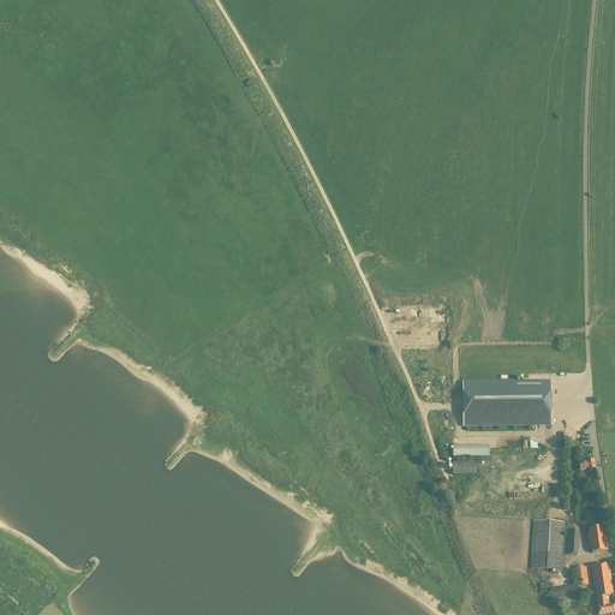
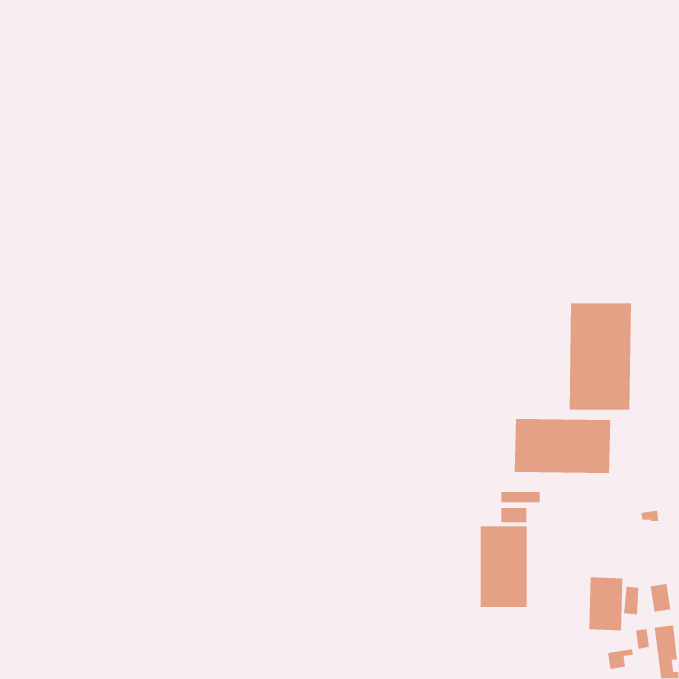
building: none -> [569,302,632,410]
building: none -> [480,525,527,608]

